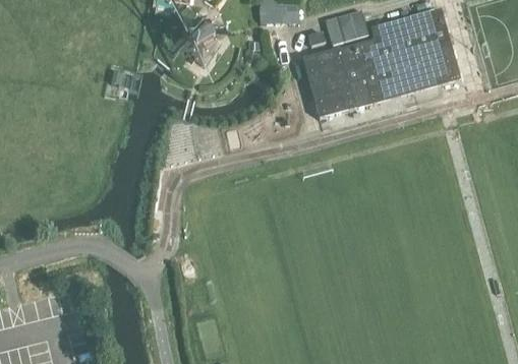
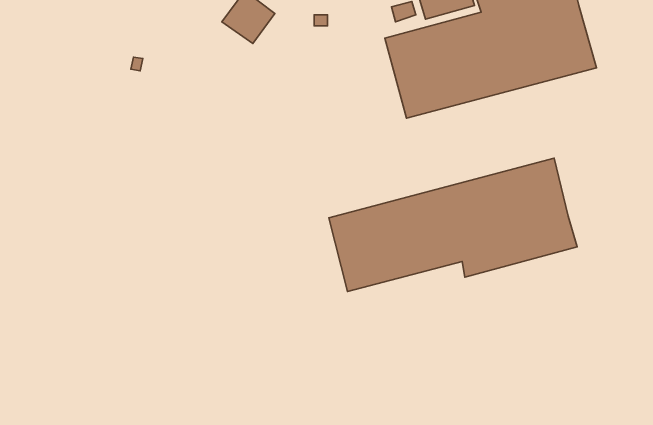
building: none -> [329,158,577,292]

